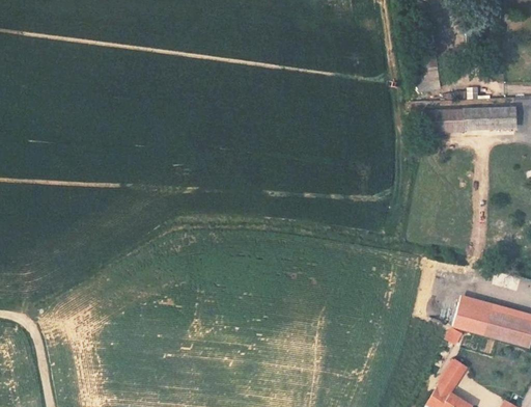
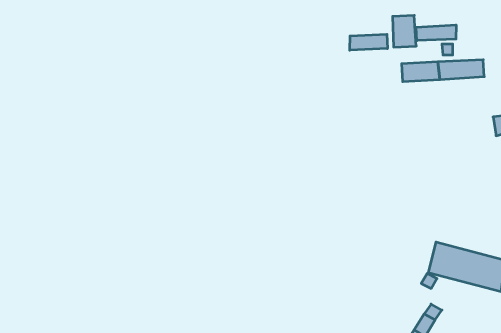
building: none -> [416,25,456,41]
building: none -> [350,34,387,50]

